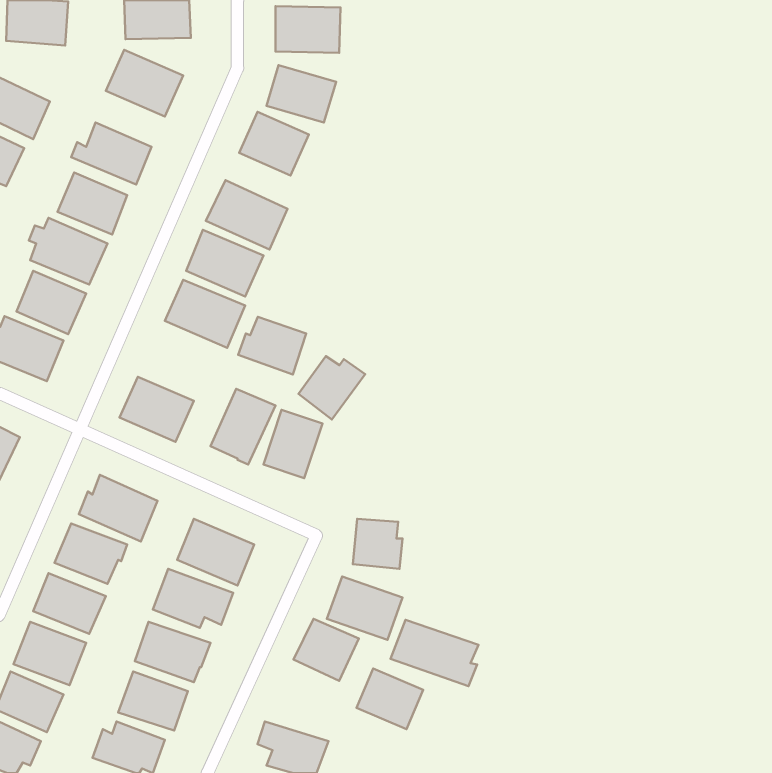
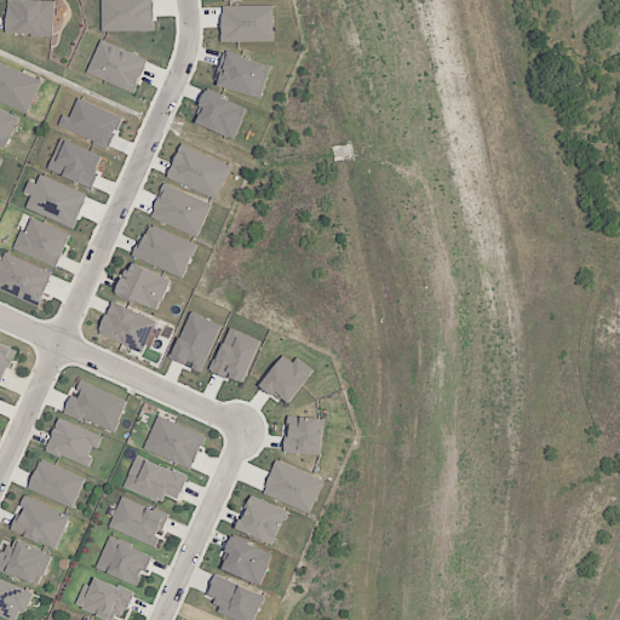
building: [238,317,306,374] -> [114,264,168,310]
building: [298,356,365,420] -> [259,355,312,406]
building: [390,620,478,686] -> none
building: [357,669,423,729] -> [218,536,271,585]

